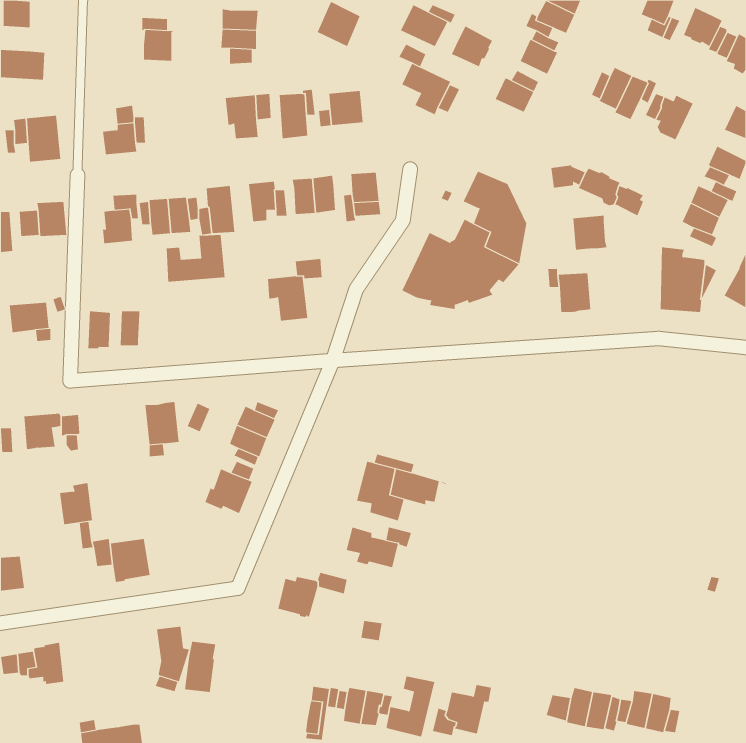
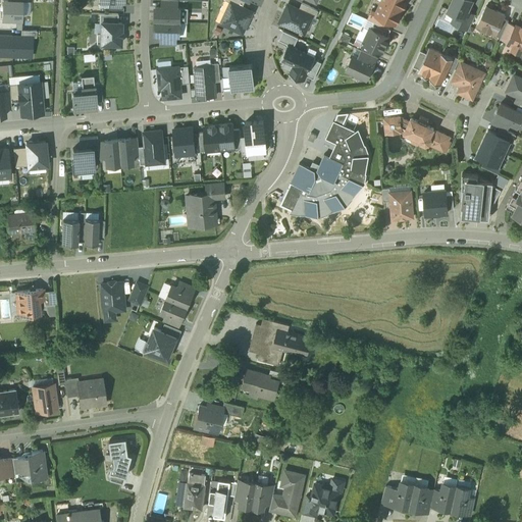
building: [451,26,493,67] -> none
building: [572,215,607,250] -> [423,192,448,216]
building: [166,234,225,283] -> none
building: [59,483,93,525] -> [33,383,56,413]
building: [184,641,216,692] -> [184,474,206,510]

